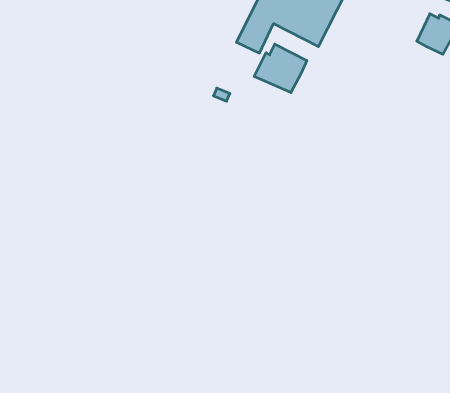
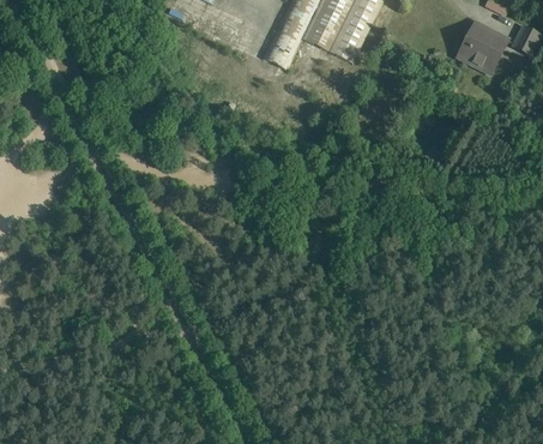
building: [254,44,307,93] -> none

